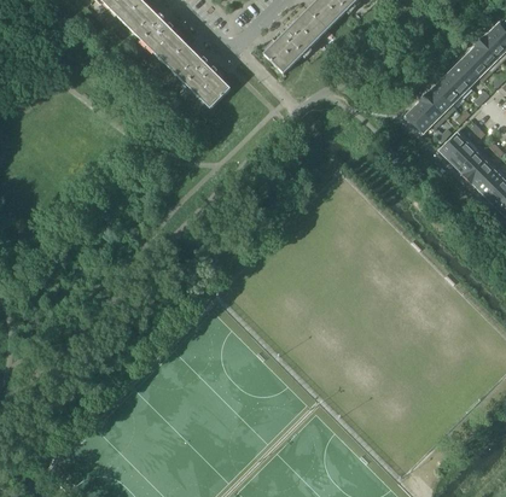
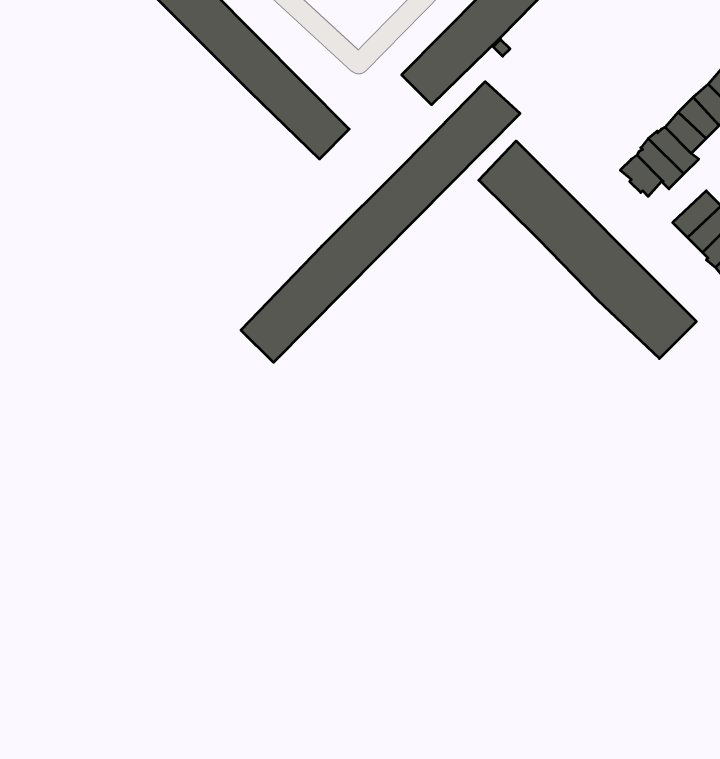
building: none -> [241,82,520,362]
building: none -> [479,141,696,359]

